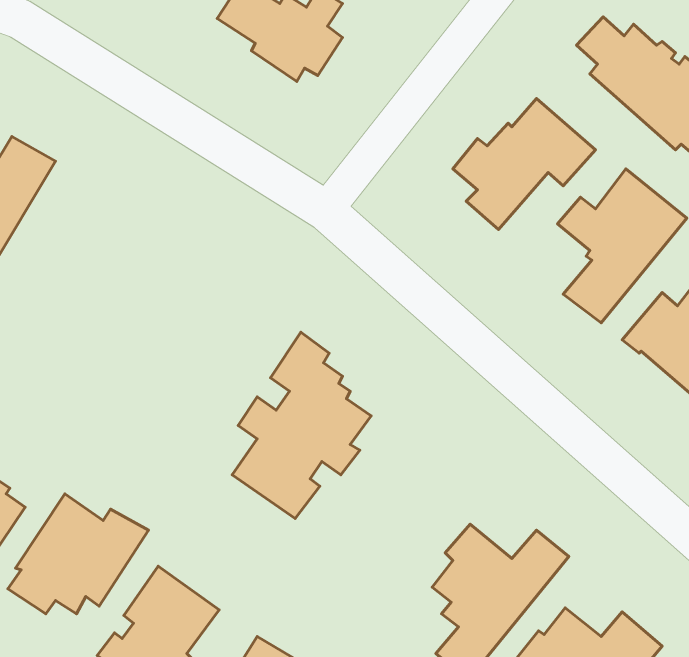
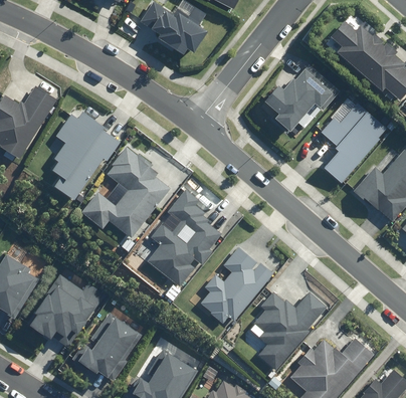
building: none -> [50,111,119,200]
building: none -> [77,146,170,237]
building: none -> [199,244,273,324]

